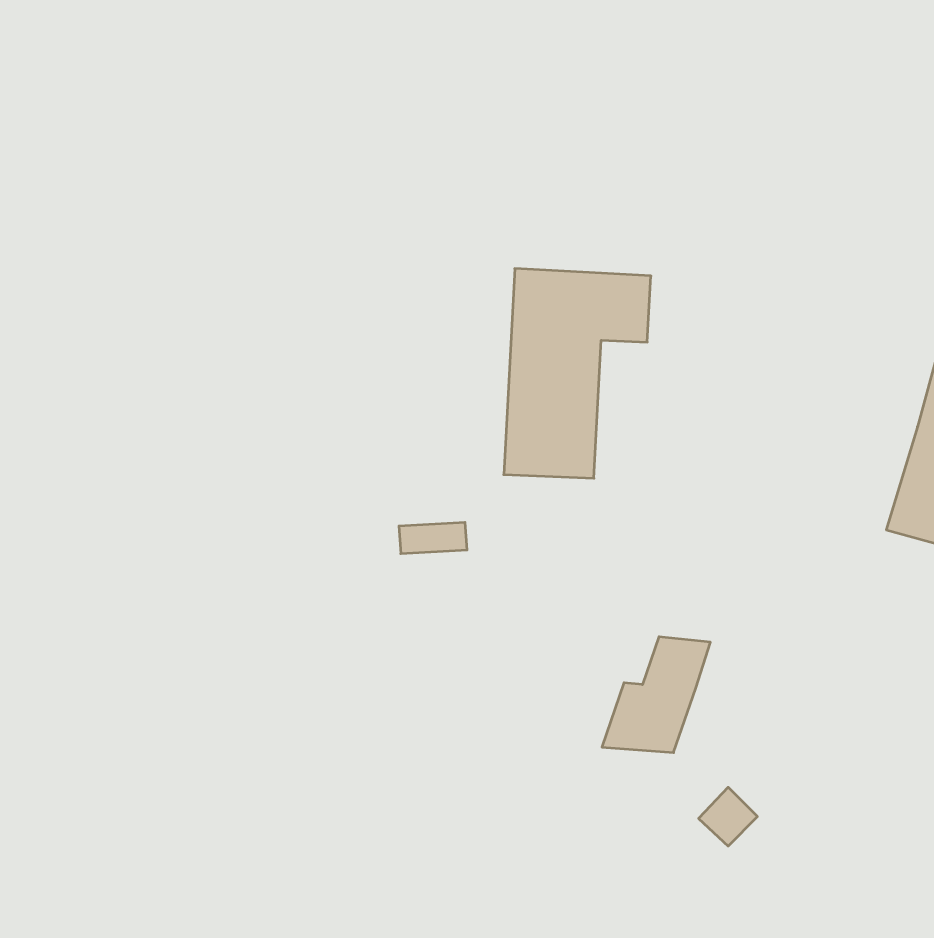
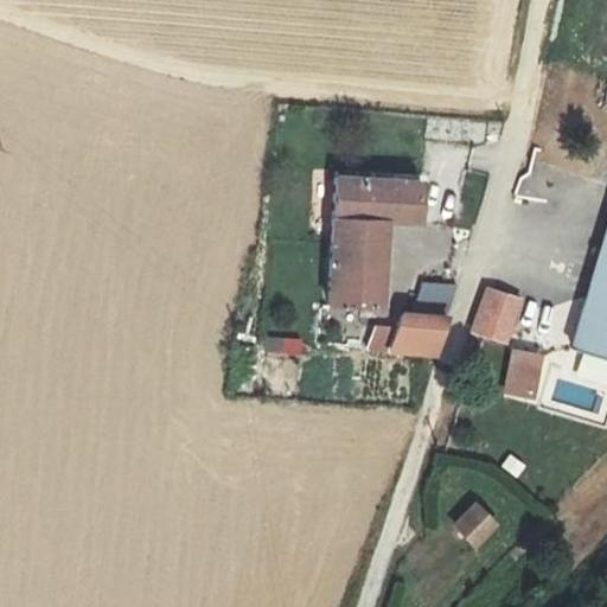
building: none -> [473,287,519,341]
building: none -> [505,350,541,398]
building: [602,637,710,753] -> [389,282,459,357]

